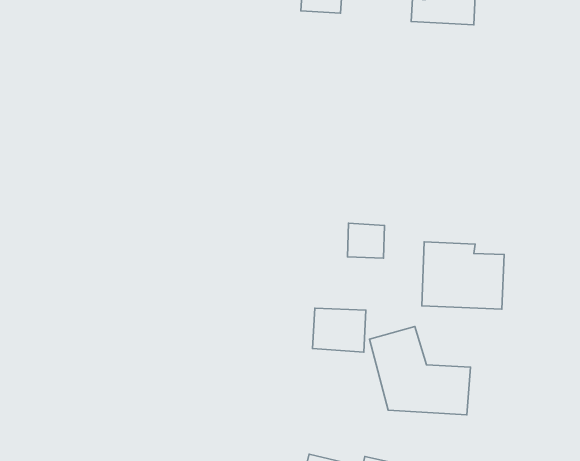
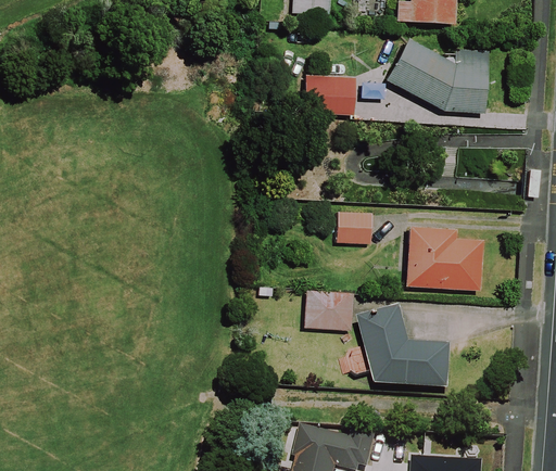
building: none -> [386,38,488,113]
building: none -> [304,74,355,112]

